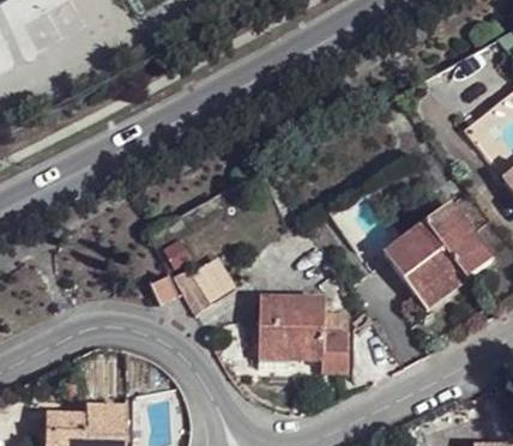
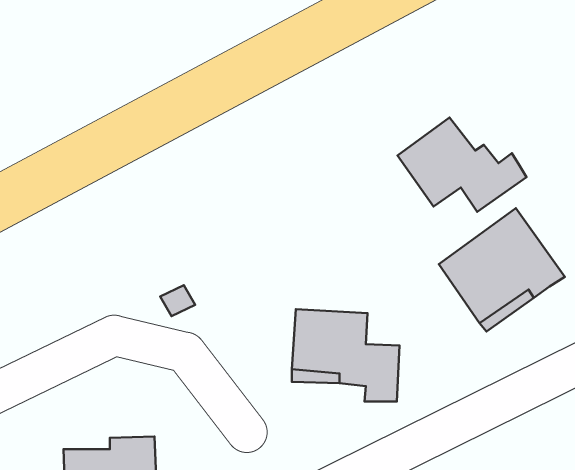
building: none -> [397,118,526,212]
building: [179,253,237,308] -> none

